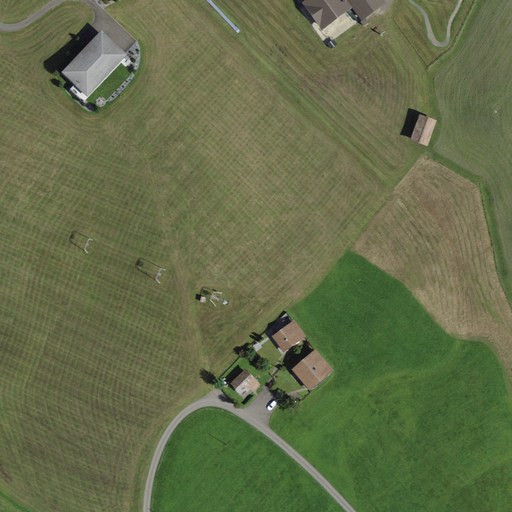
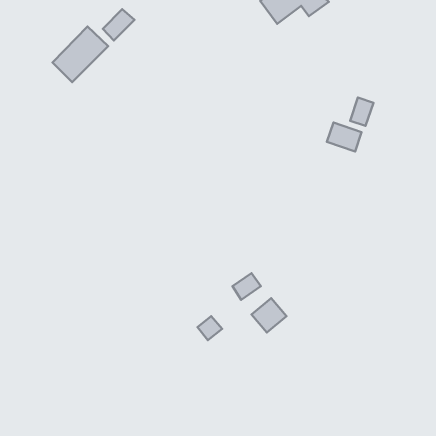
building: none -> [103,9,134,40]
building: none -> [327,123,362,152]

